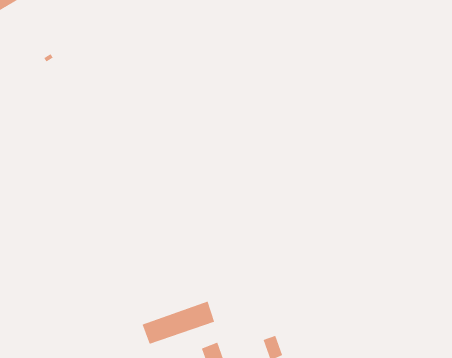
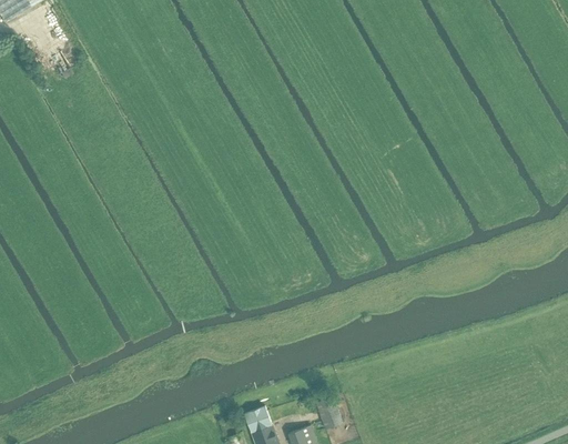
building: [142,301,215,345] -> none

